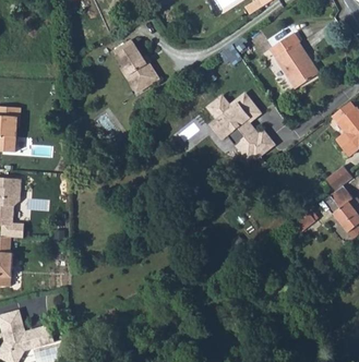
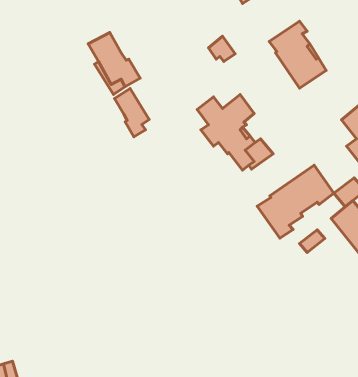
building: none -> [115,89,149,137]
building: none -> [257,165,334,238]

